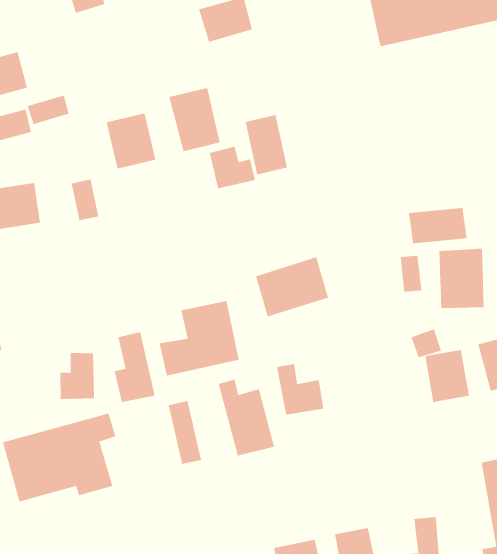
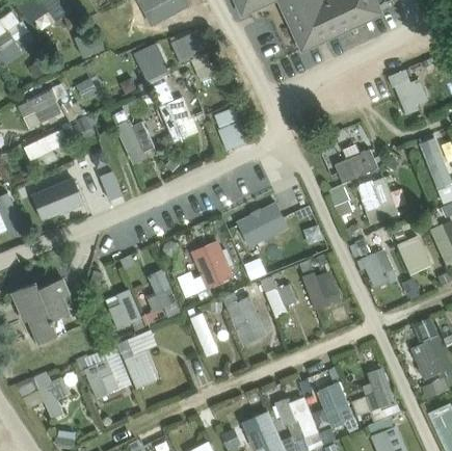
building: none -> [133,43,170,83]
building: [209,146,255,189] -> none
building: none -> [301,271,341,311]

